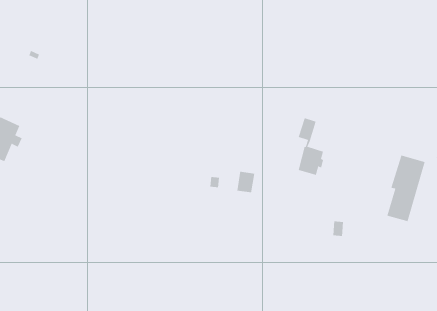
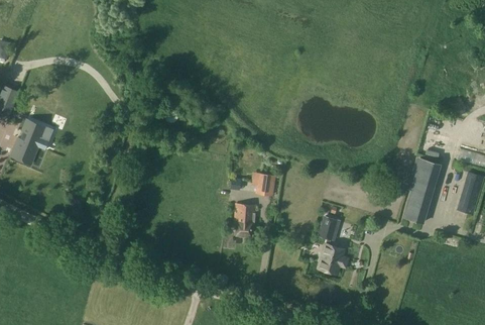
building: [298,117,324,175] -> [319,216,344,273]
building: none -> [235,204,255,236]

